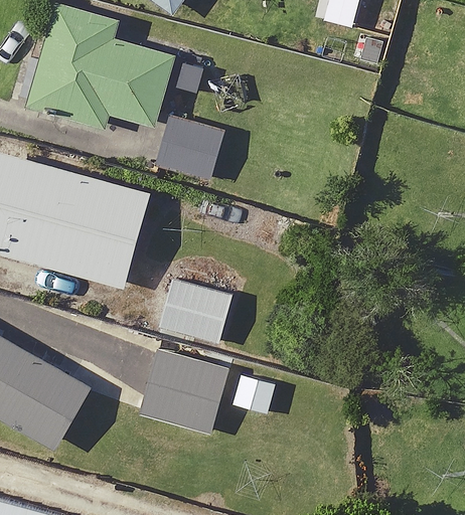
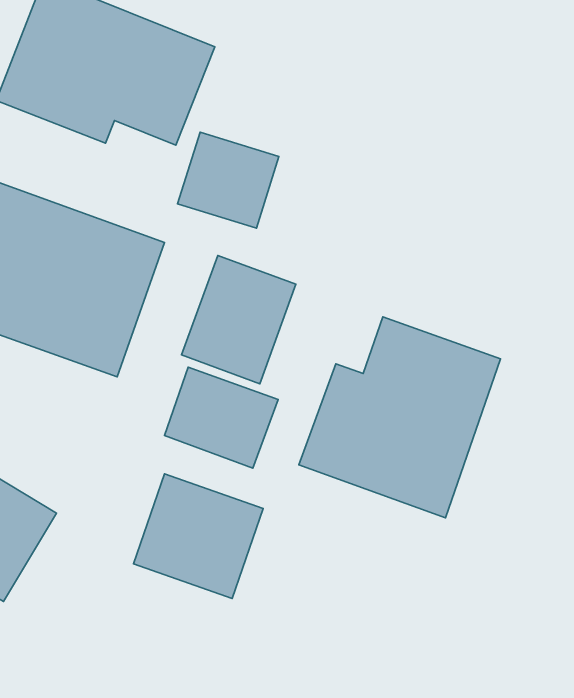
building: none -> [182,255,296,384]
building: none -> [299,317,501,518]

